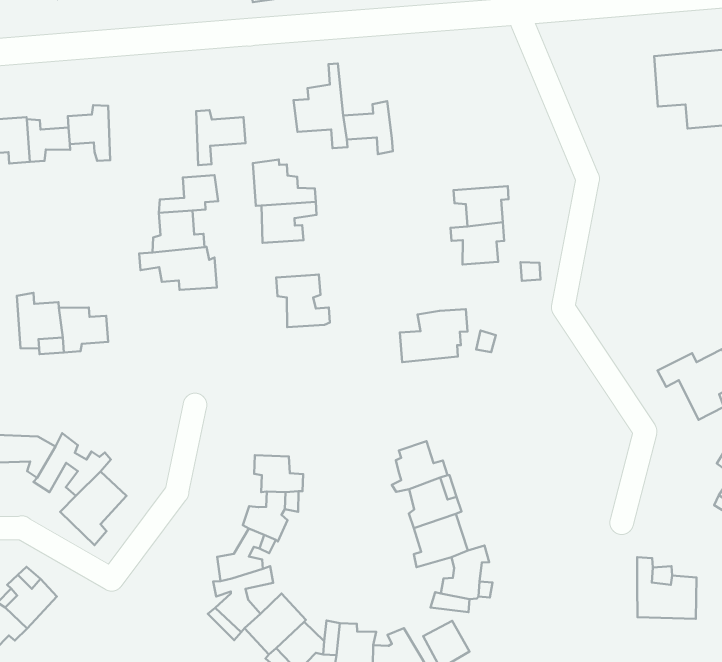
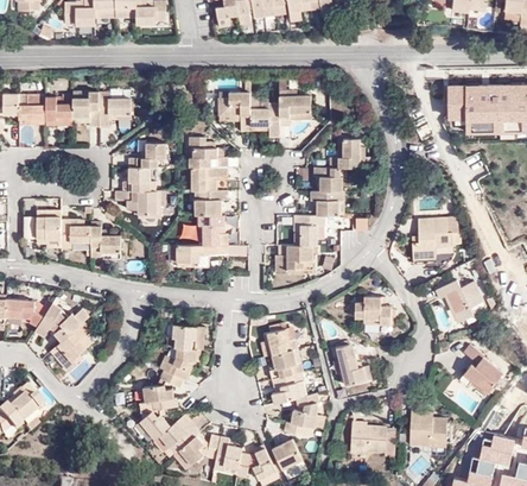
building: none -> [275,94,309,130]
building: [196,110,245,165] -> [97,96,128,131]
building: none -> [330,135,363,165]
building: none -> [193,190,228,213]
building: none -> [414,216,453,258]
building: none -> [292,213,324,241]
building: none -> [88,223,120,257]
building: none -> [174,245,226,267]
building: none -> [354,295,392,326]
building: none -> [336,342,366,383]
building: none -> [350,419,396,457]

